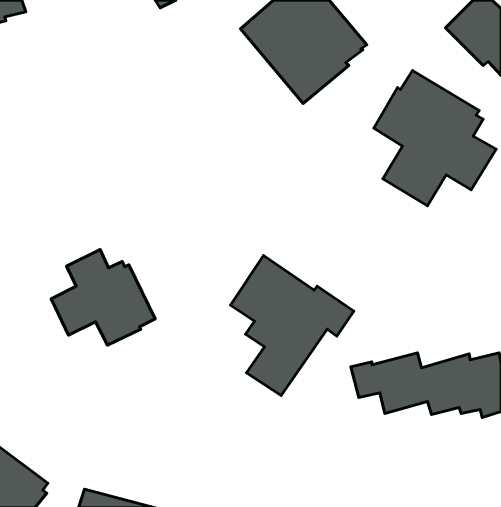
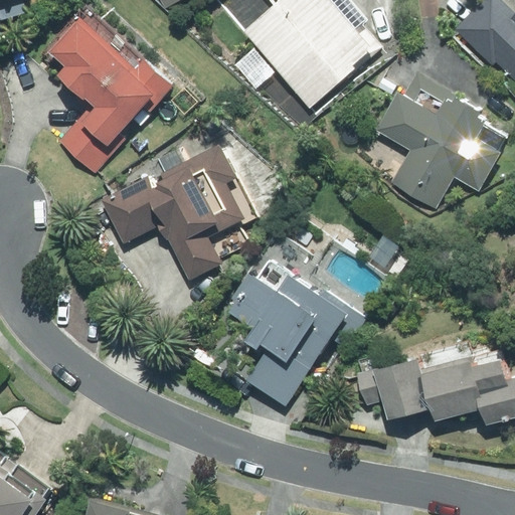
building: none -> [52,22,174,174]
building: none -> [100,144,255,282]
building: [51,250,155,345] -> none

